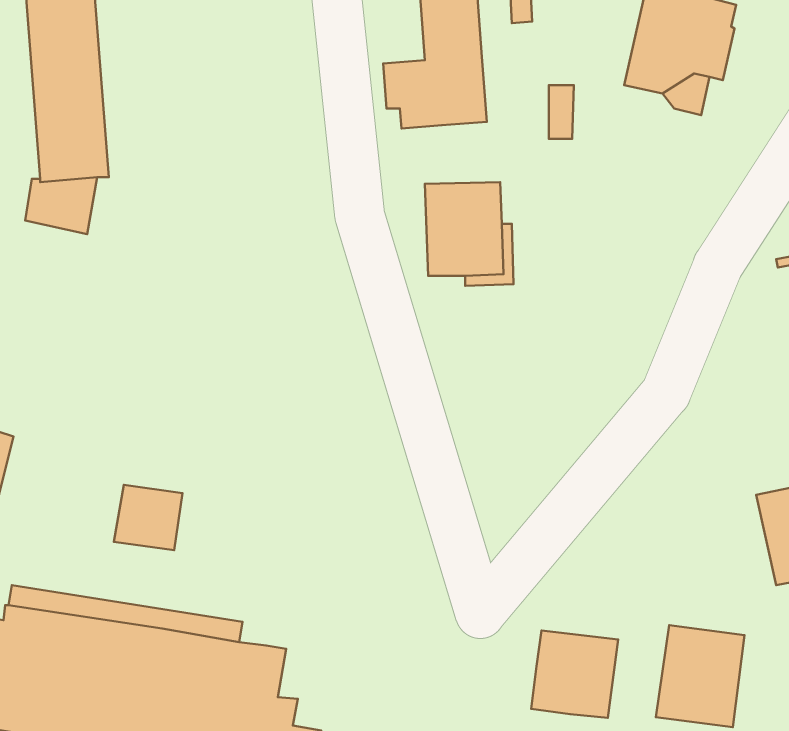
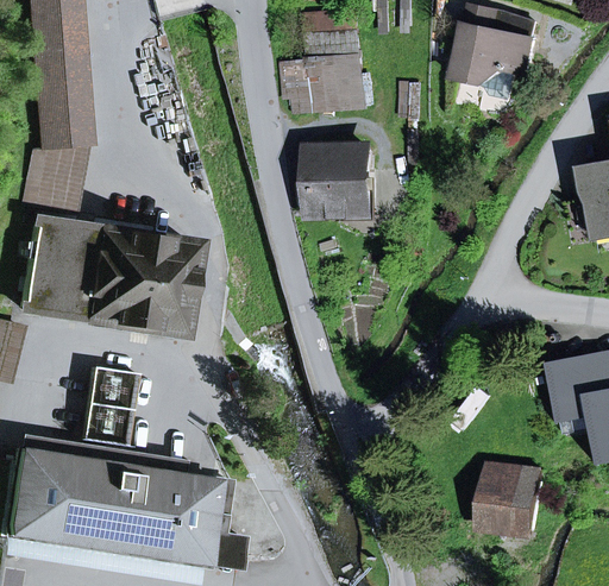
building: none -> [25,176,74,208]
building: none -> [19,221,193,333]
building: [531,630,618,718] -> none

